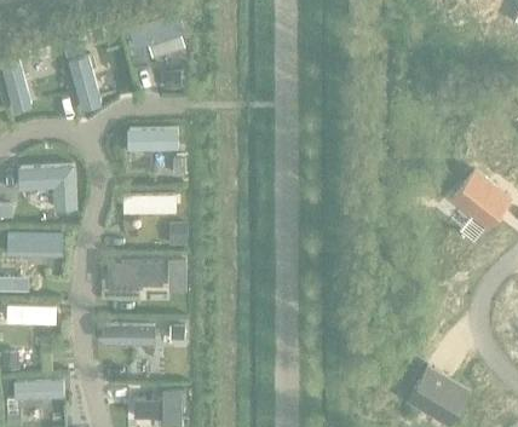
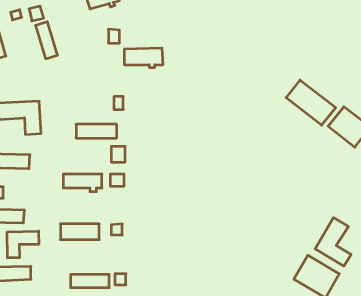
building: [127,129,178,155] -> [124,48,163,67]
building: none -> [286,80,336,125]
building: none -> [315,218,351,266]
building: none -> [7,231,39,258]

